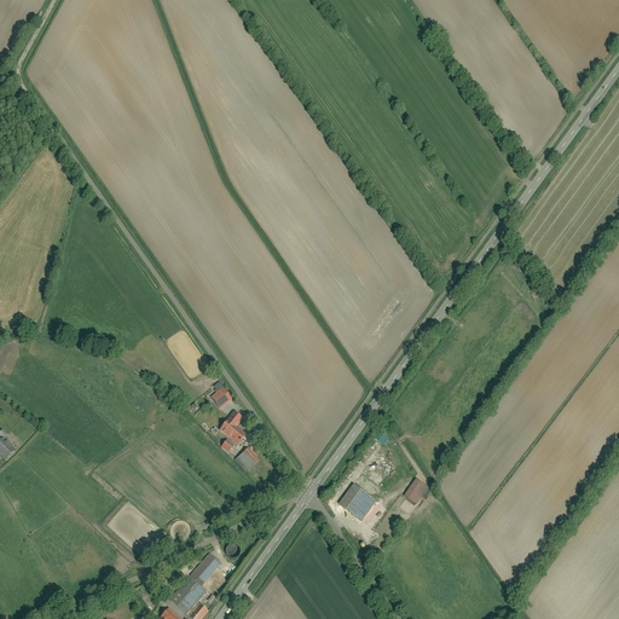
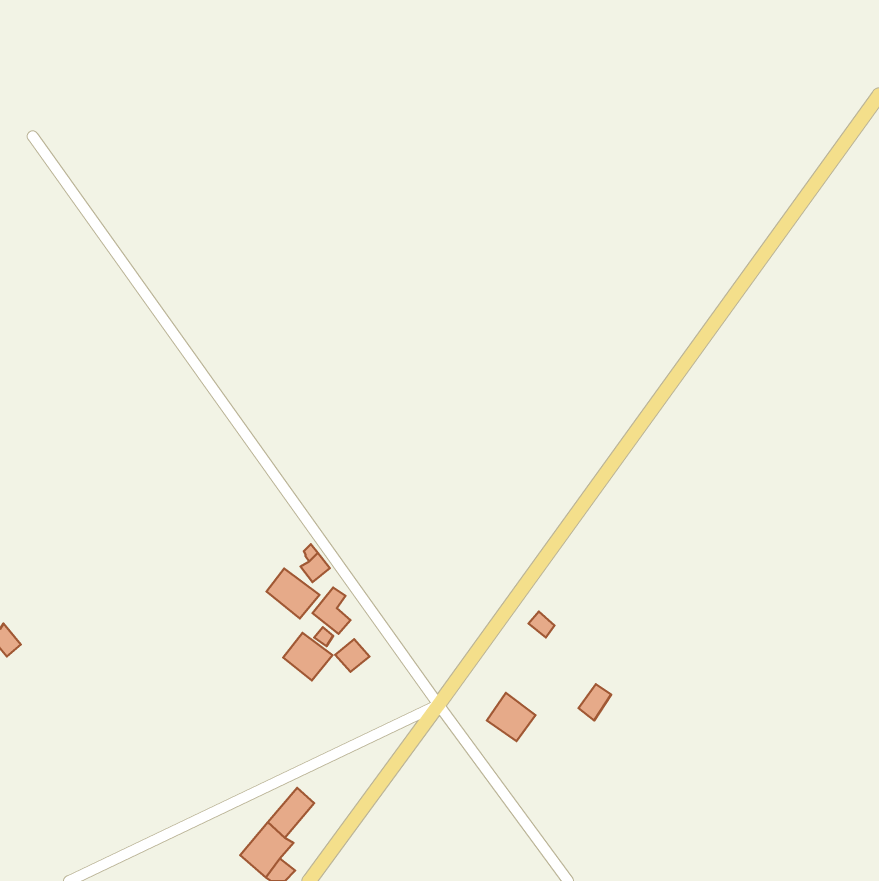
building: none -> [266,568,319,619]
building: none -> [283,633,333,680]

